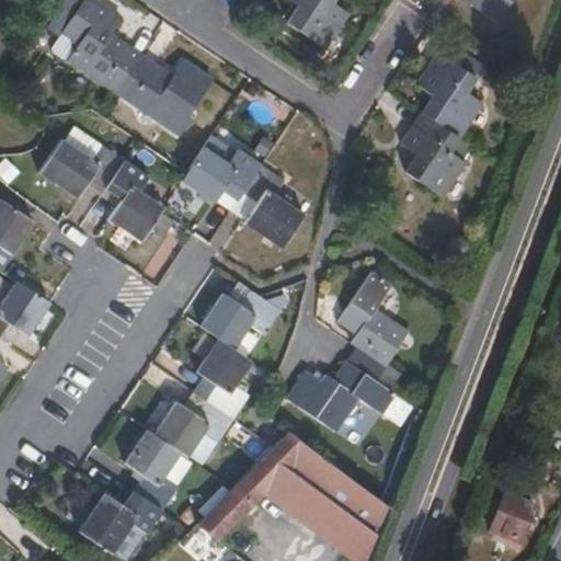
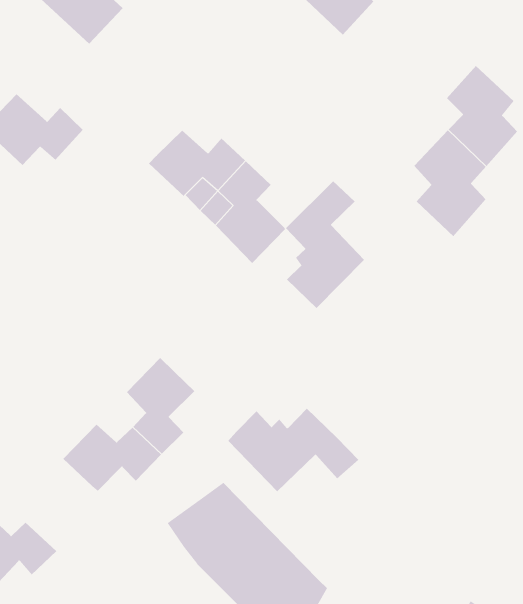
building: [121,59,214,136] -> none
building: [108,163,165,242] -> none
building: [337,273,407,379] -> [285,180,365,309]
building: [201,290,279,347] -> none
building: [124,428,181,508] -> none
building: [194,471,263,539] -> none

